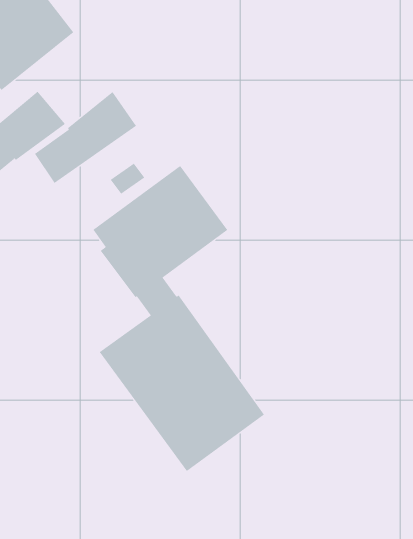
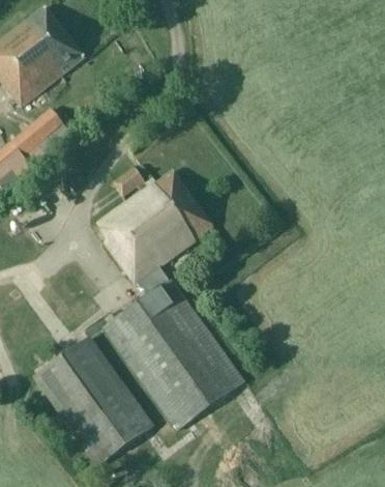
building: [34,91,137,184] -> none
building: none -> [34,337,153,464]

